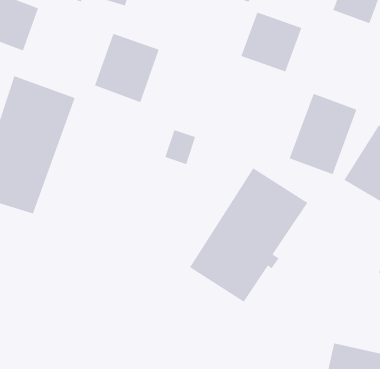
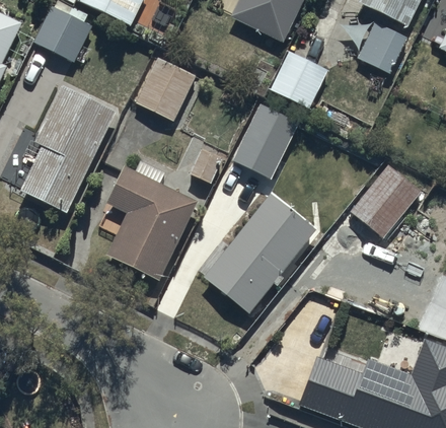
building: [289,93,357,175] -> [232,103,299,180]
building: none -> [100,160,198,279]

